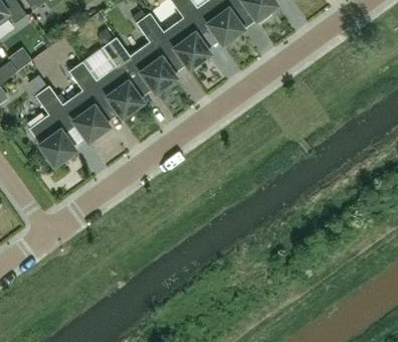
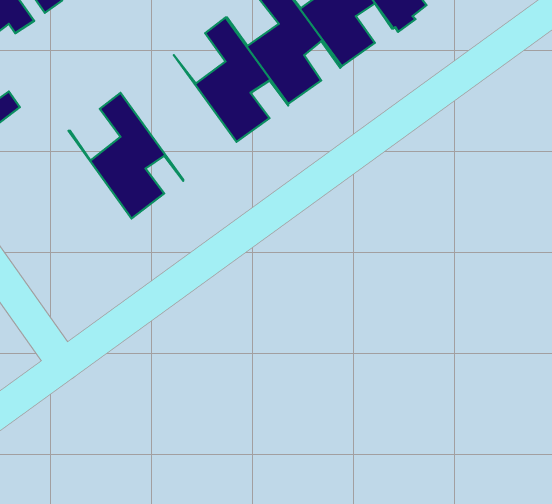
building: [81,37,156,117] -> none
building: [29,86,88,166] -> none

